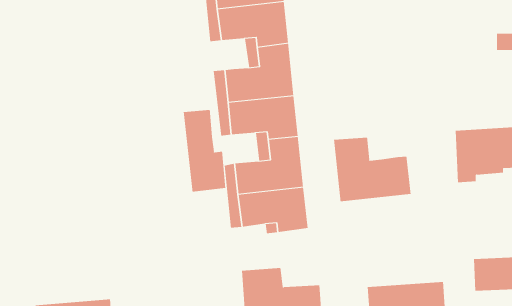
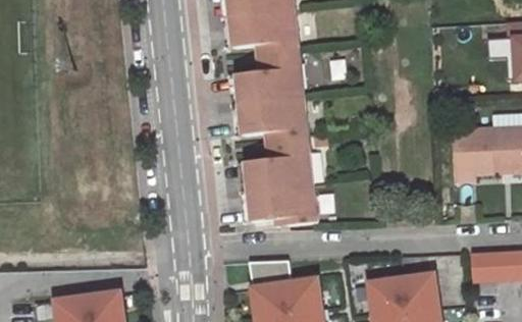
building: [183,109,226,193] -> none
building: [333,137,411,202] -> none

